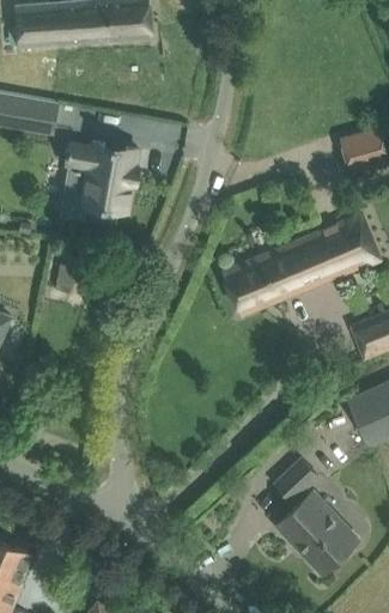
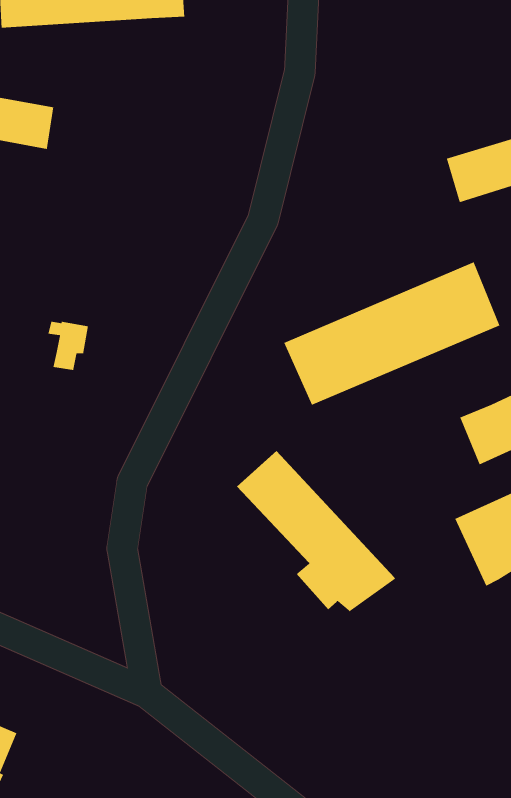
building: [63,141,139,238] -> none
building: none -> [236,450,396,613]
building: [275,457,318,500] -> none
building: [276,491,359,573] -> none

